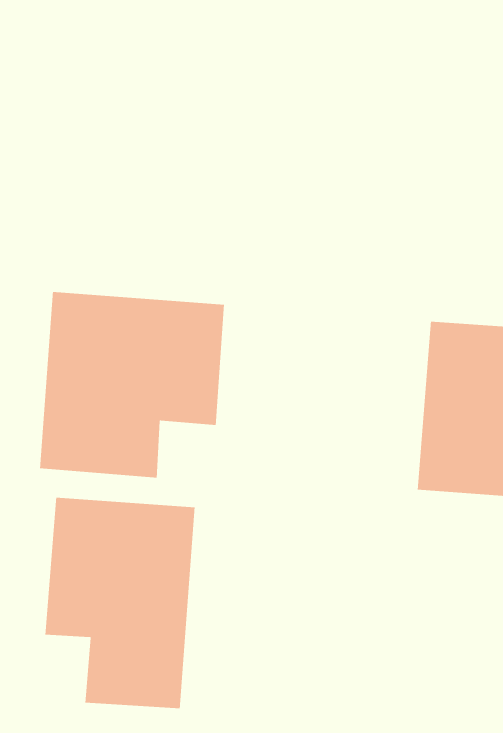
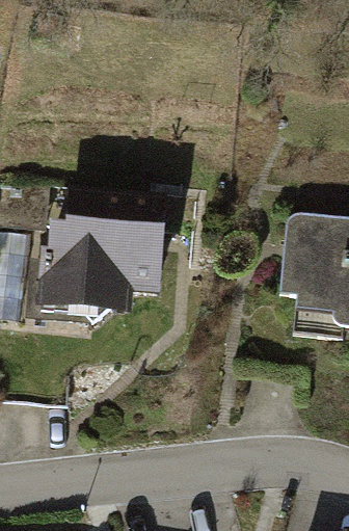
building: [45,497,195,709] -> none

